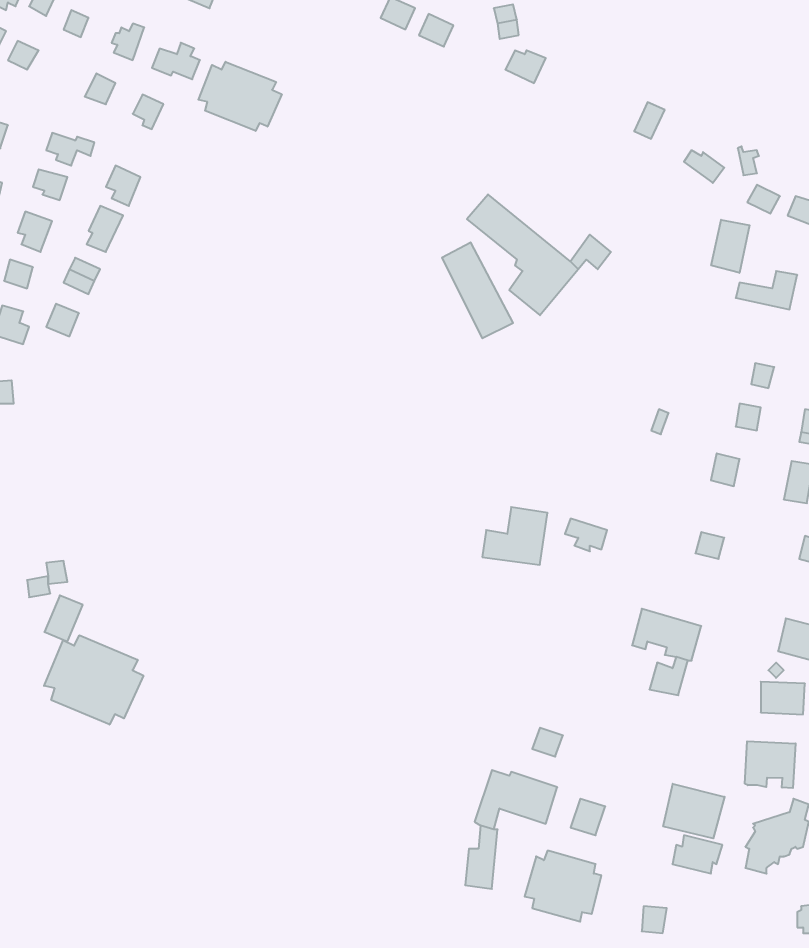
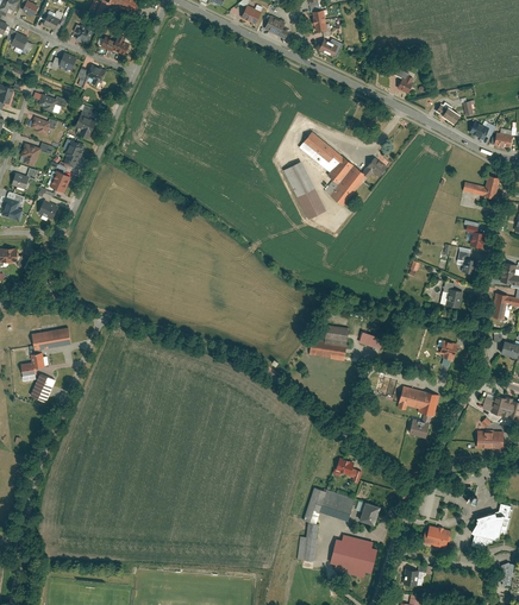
building: [198,62,282,131] -> none
building: [711,220,750,273] -> none
building: none -> [33,330,73,352]
building: [44,635,143,725] -> none
building: [745,741,796,788] -> none
building: [663,784,725,838] -> none

